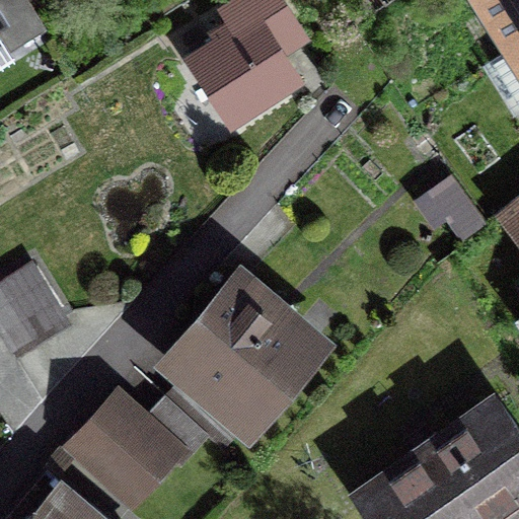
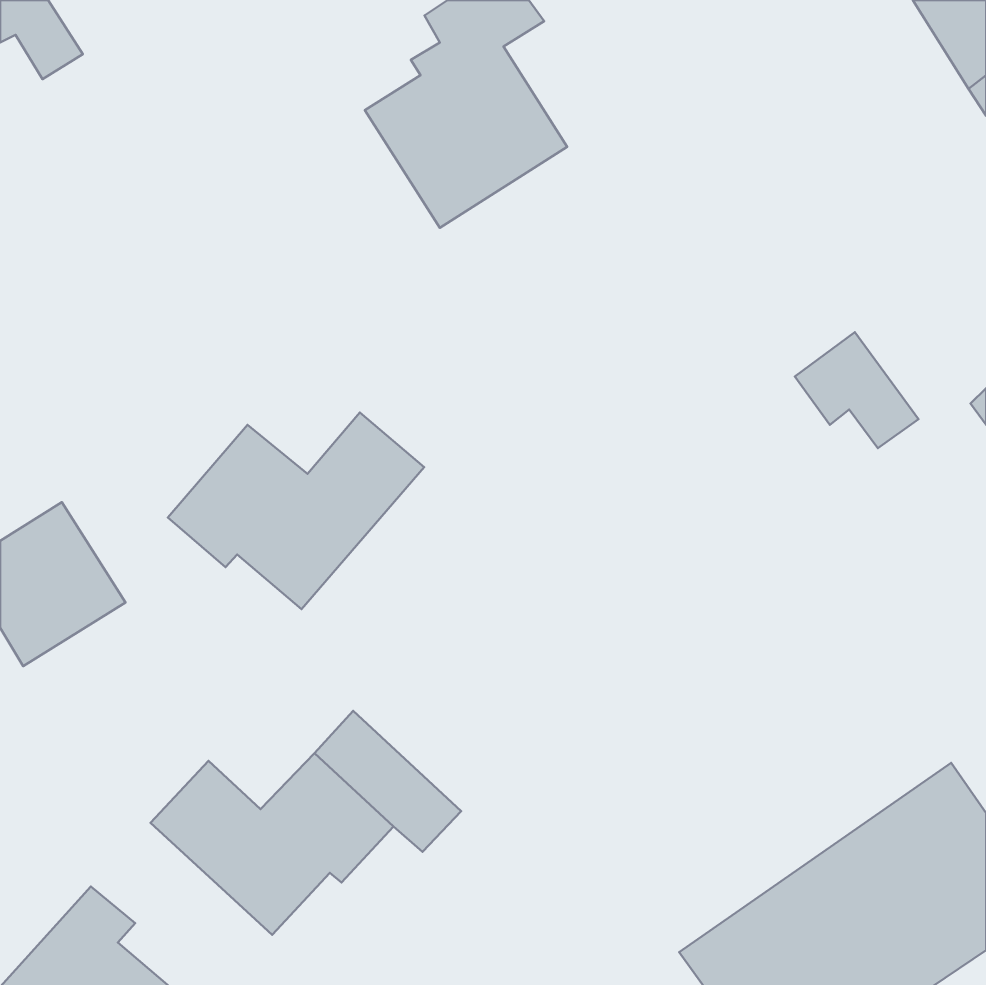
building: none -> [168,413,424,609]
building: [176,284,312,420] -> none

